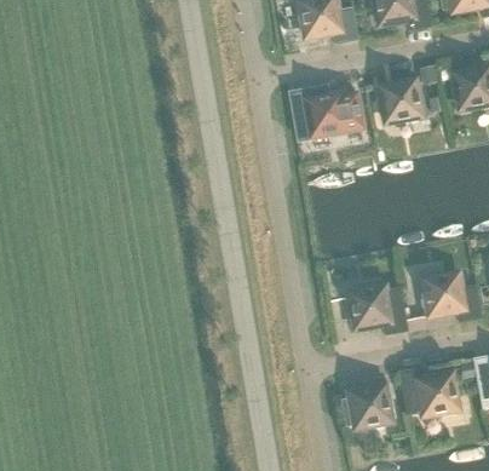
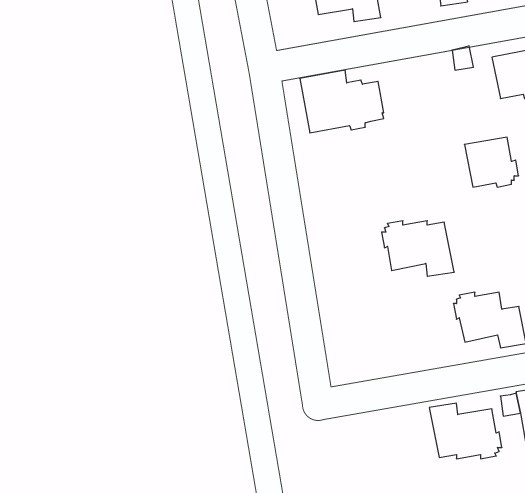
building: [379,80,425,122] -> [464,137,519,187]
building: [346,287,408,334] -> [382,221,454,276]
building: [340,385,393,427] -> none

